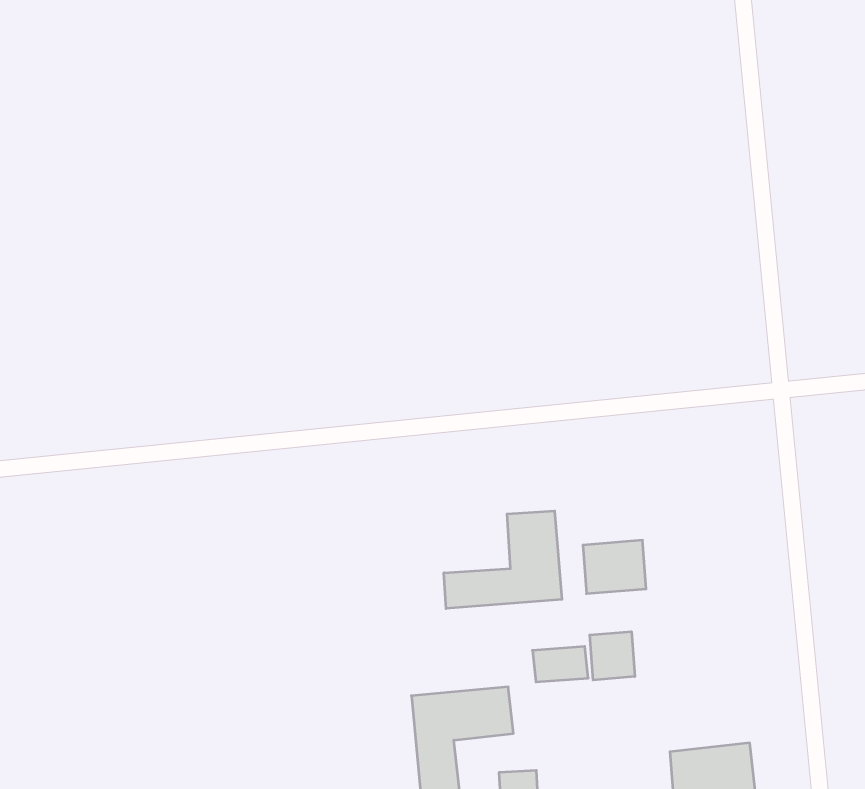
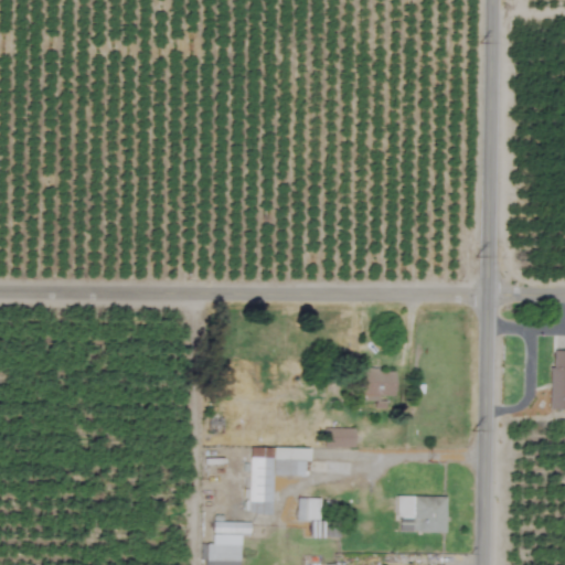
building: [444,511,562,609] -> none
building: [590,632,635,680] -> none

